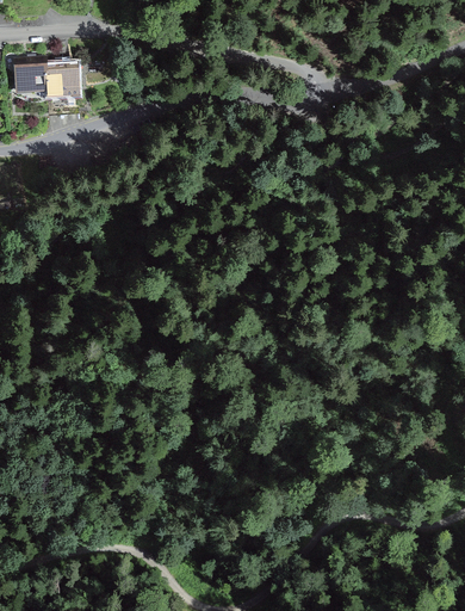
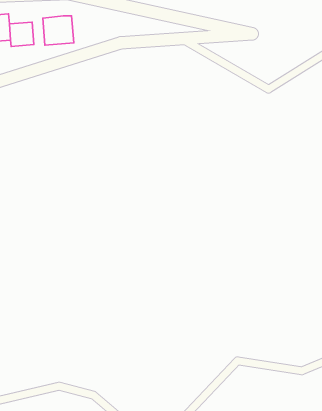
building: none -> [43,16,74,45]

